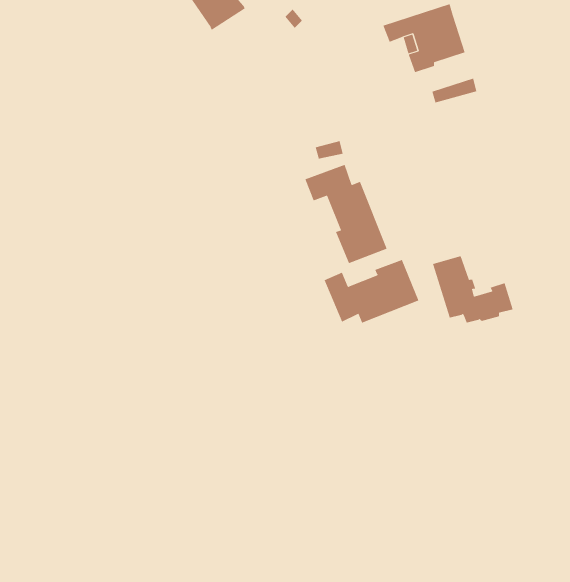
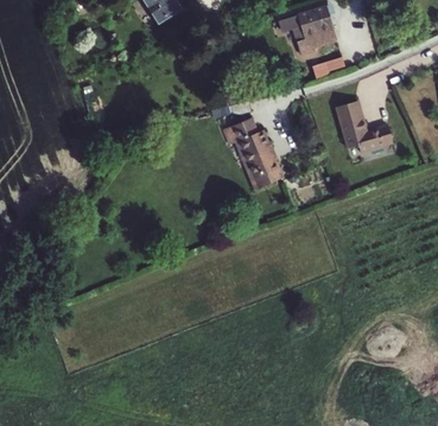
building: [432,255,513,323] -> [335,101,392,148]
building: [324,259,419,324] -> none

